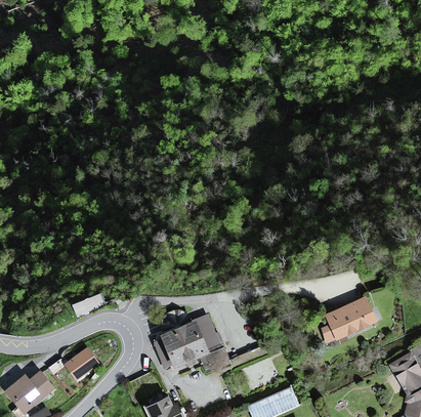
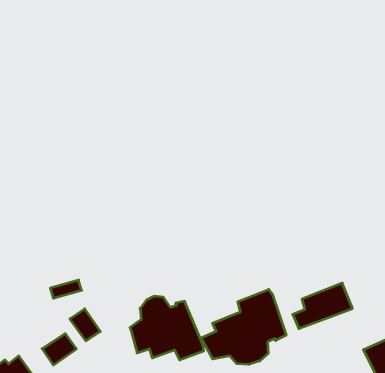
building: none -> [201,289,286,364]
building: none -> [70,309,100,341]

